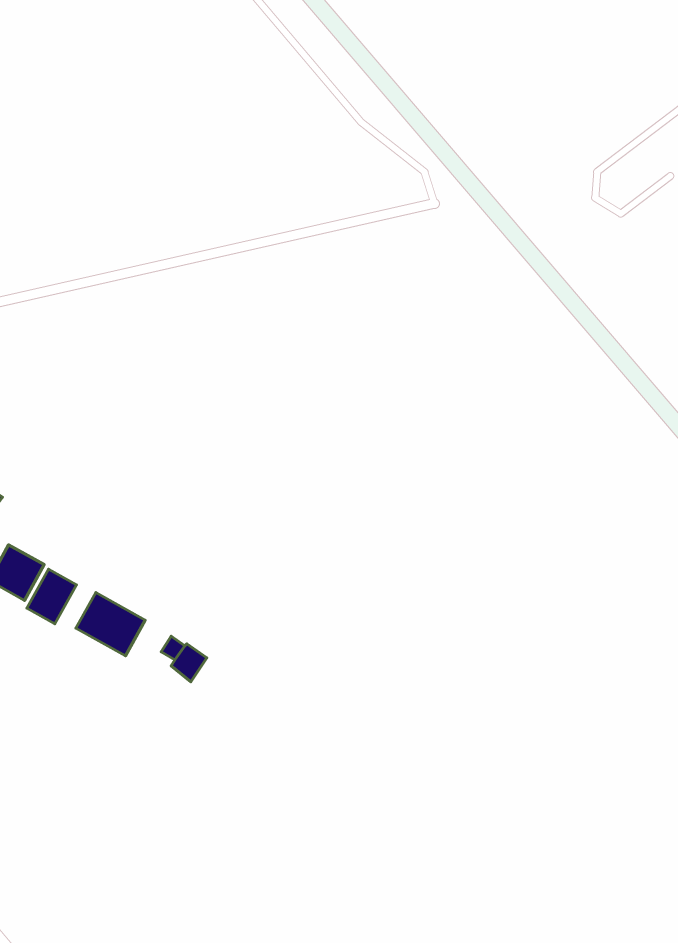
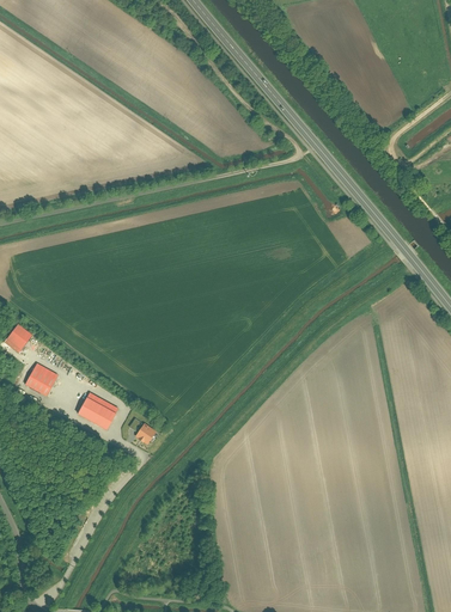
building: [27,569,77,624] -> none

